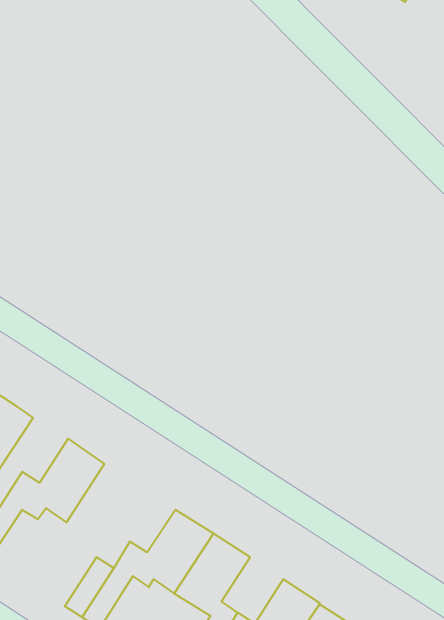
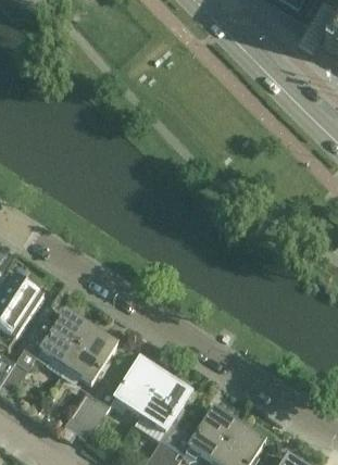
building: none -> [64,326,115,382]

